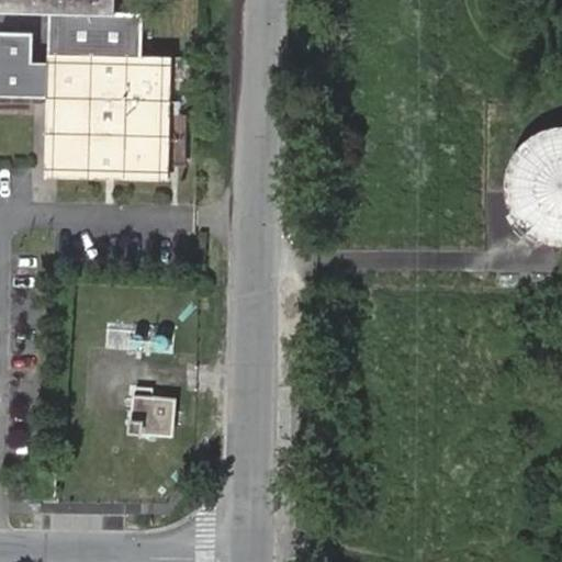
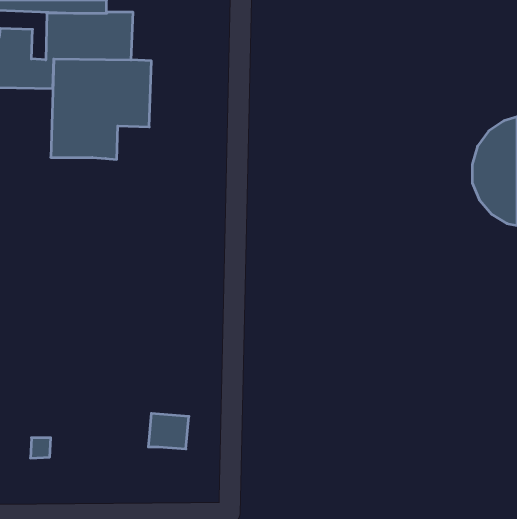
building: [126,136,161,172] -> none
building: [131,396,175,435] -> [148,413,189,449]

